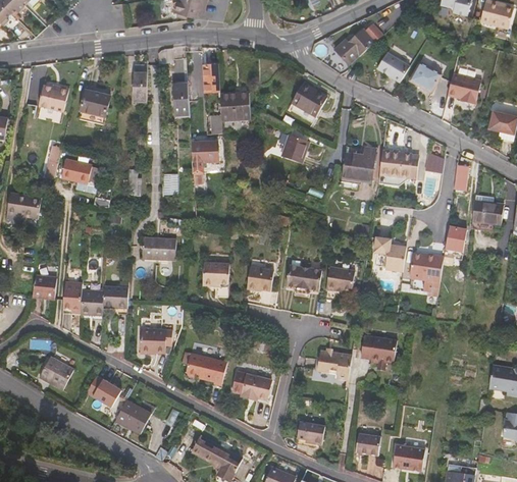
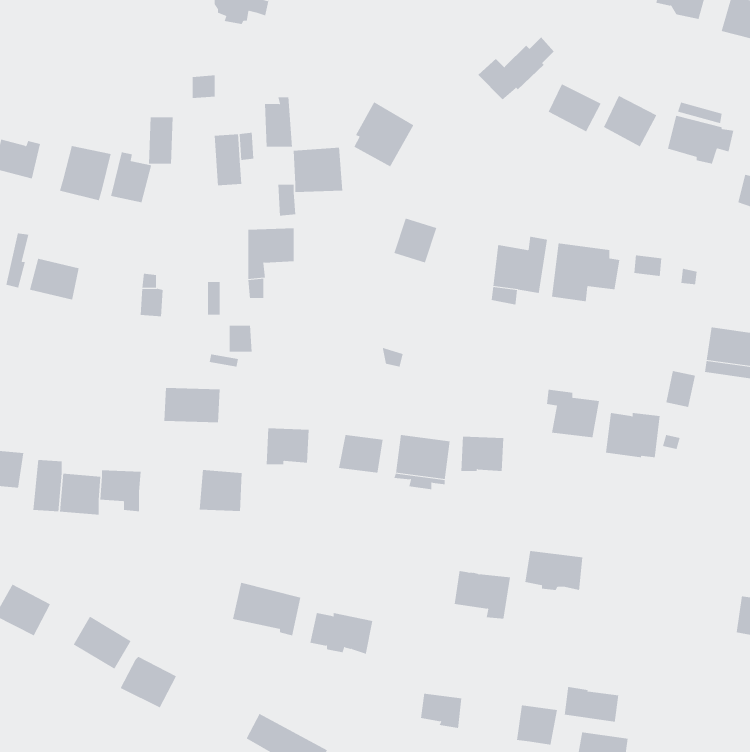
building: [291,82,327,121] -> [354,102,414,167]
building: none -> [110,151,152,203]
building: [139,329,165,355] -> [199,470,242,512]
building: none -> [564,686,619,723]

